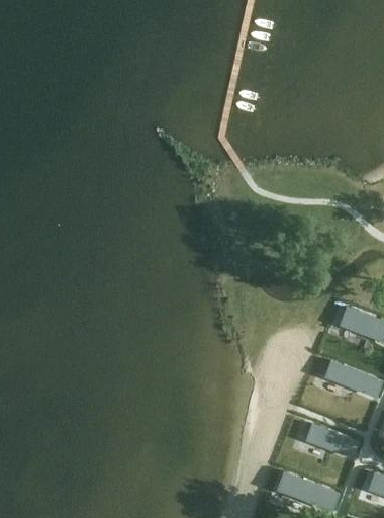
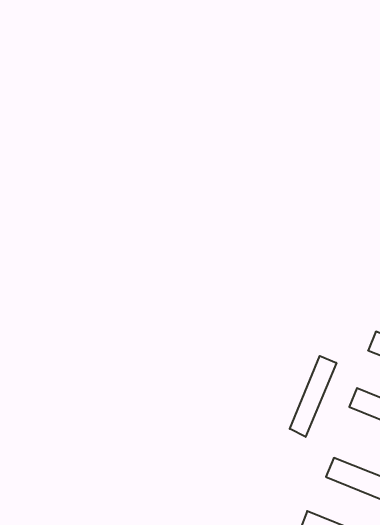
building: none -> [290,356,336,437]

